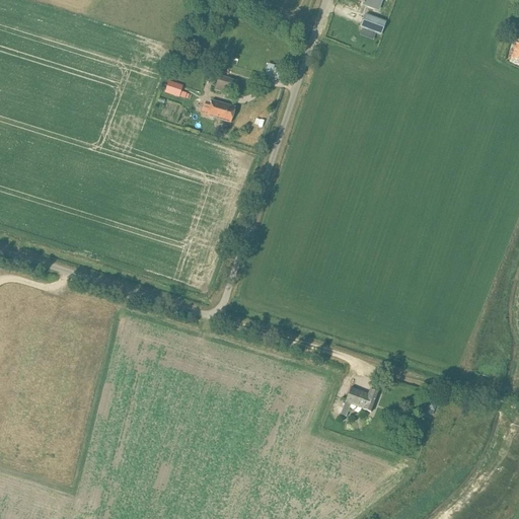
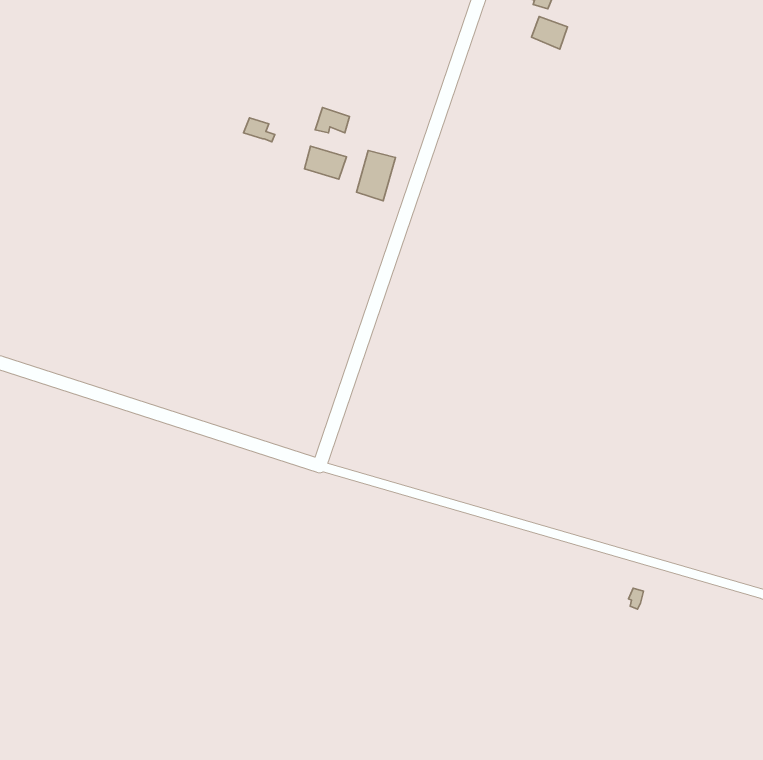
building: none -> [356,151,396,201]
building: [341,385,379,415] -> none

